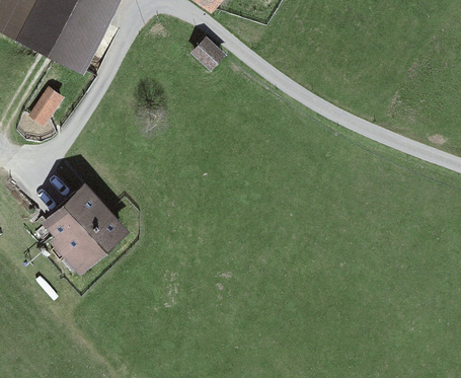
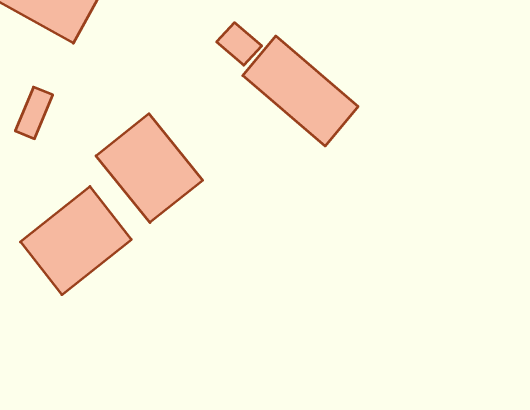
building: none -> [243,36,358,146]
building: none -> [96,114,203,223]

